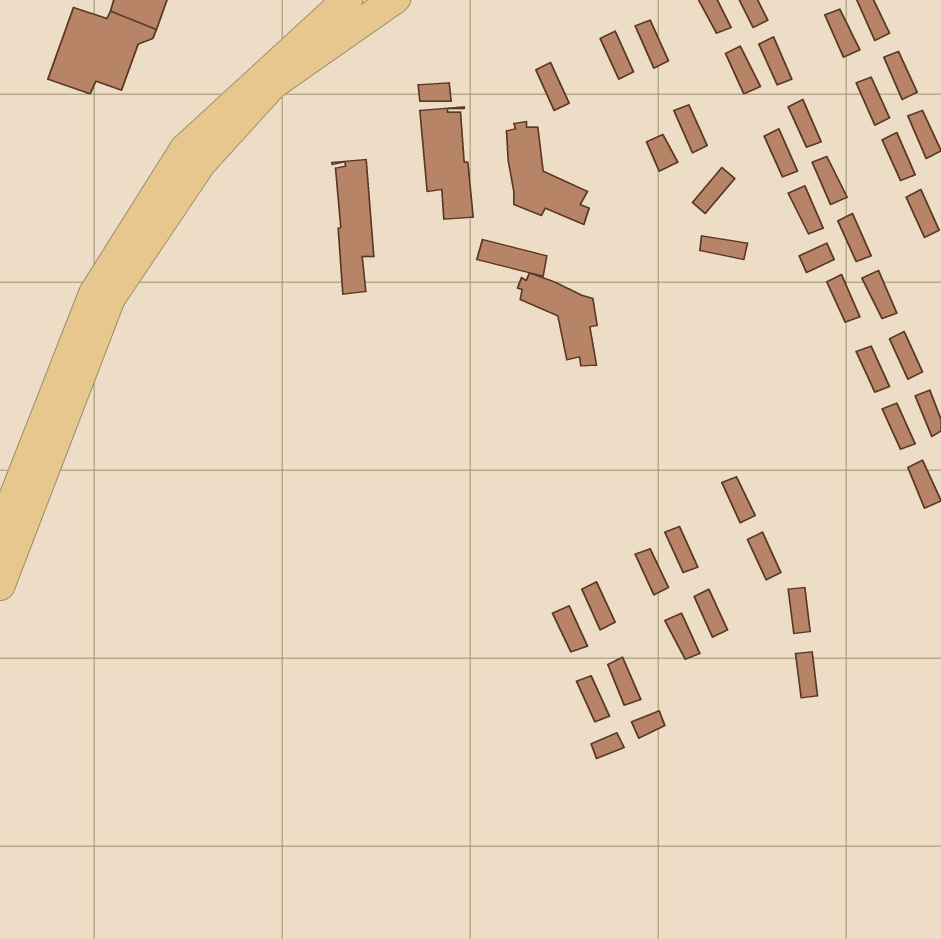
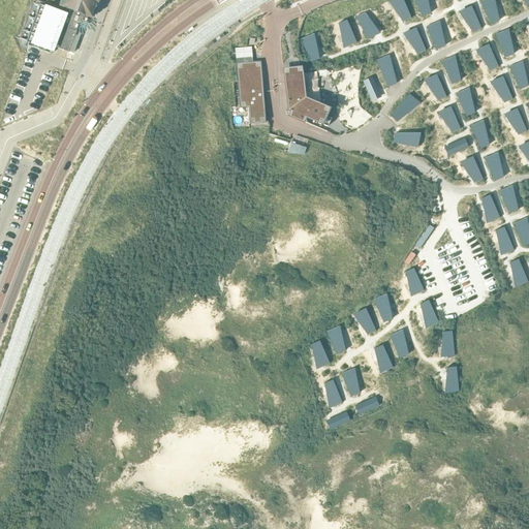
building: [332,160,374,294] -> none
building: [517,273,597,366] -> none

